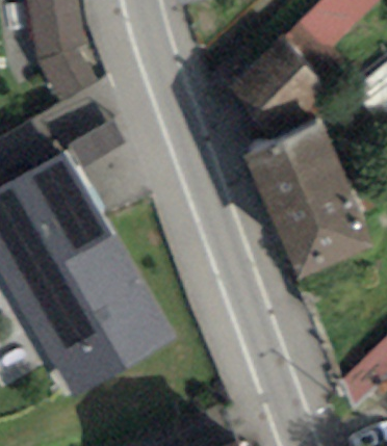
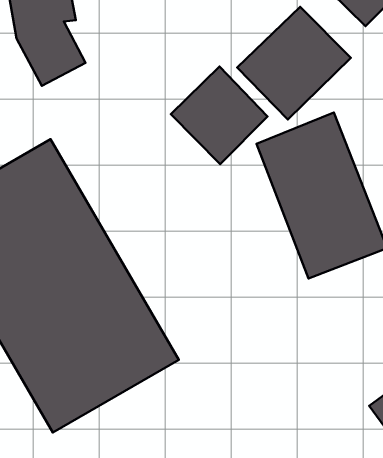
building: none -> [171,67,267,164]

